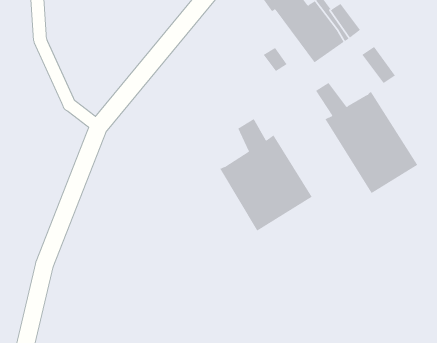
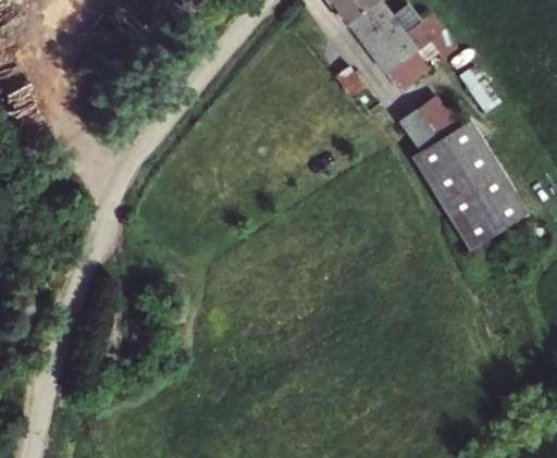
building: none -> [417,96,466,141]
building: [220,118,312,232] -> none

